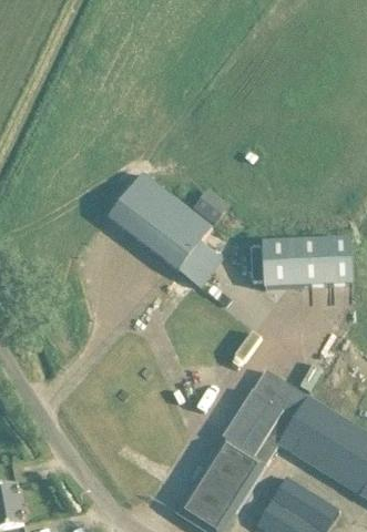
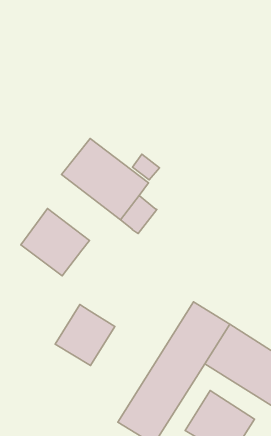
building: [261,236,353,286] -> none
building: none -> [21,209,89,276]
building: none -> [55,304,115,366]

